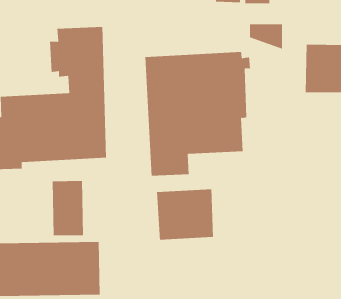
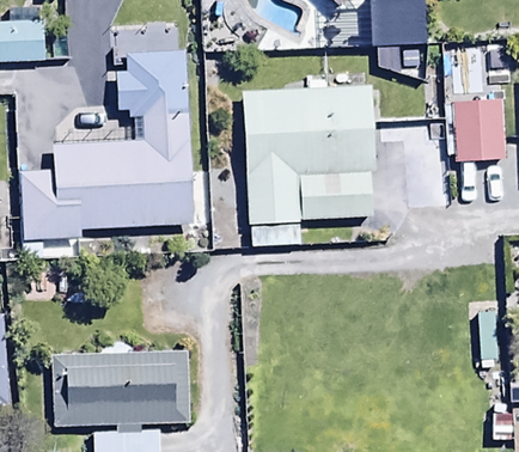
building: [52,180,84,236] -> none
building: [157,189,213,241] -> none

